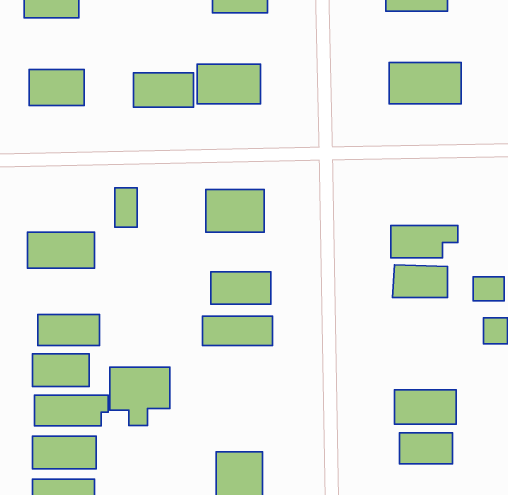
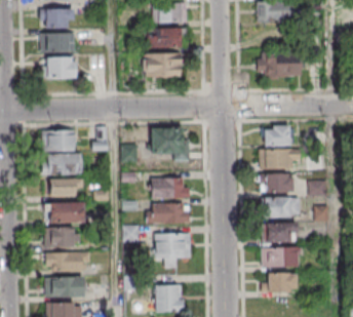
building: none -> [40,32,74,51]
building: [133,73,193,107] -> [147,28,183,48]
building: none -> [264,127,290,146]
building: none -> [42,129,75,151]
building: none -> [48,179,82,196]
building: none -> [263,197,299,217]
building: none -> [262,223,297,243]
building: [110,367,170,425] -> [155,233,191,268]

